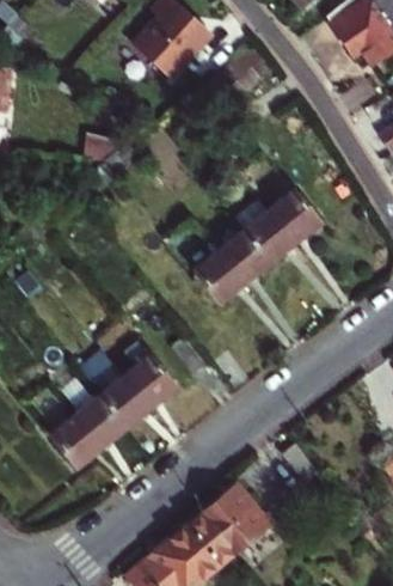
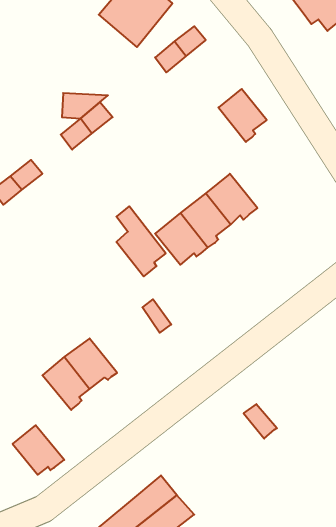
building: [268,189,318,244] -> [218,89,267,142]
building: [122,342,173,415] -> [116,206,166,276]
building: [49,417,103,469] -> [13,425,64,475]
building: [196,486,271,562] -> none

